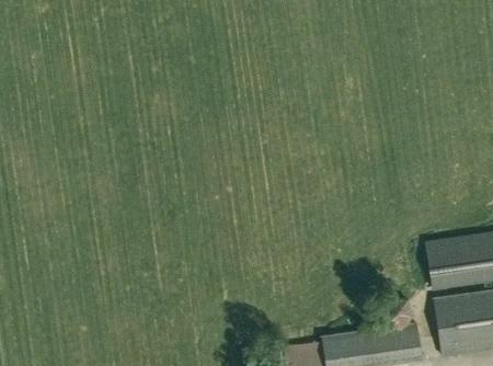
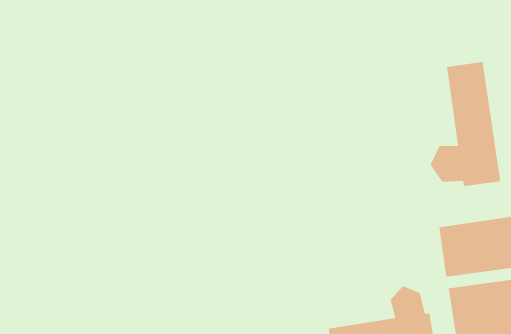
building: none -> [430,61,501,187]

